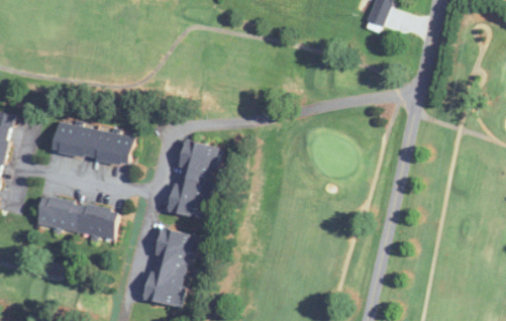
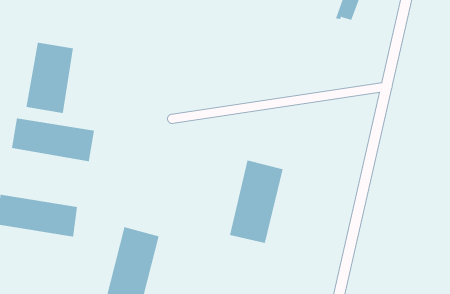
building: none -> [26,42,74,114]
building: [167,139,219,220] -> [229,160,283,243]

